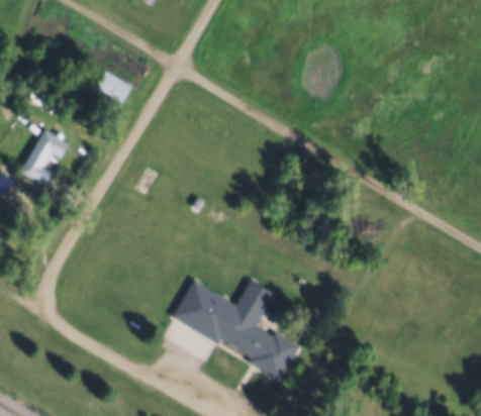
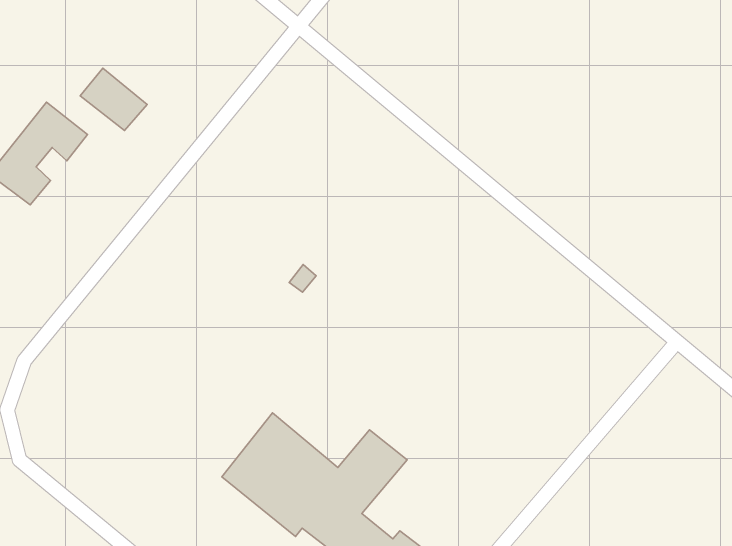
building: [96,71,133,103] -> [80,68,147,131]

